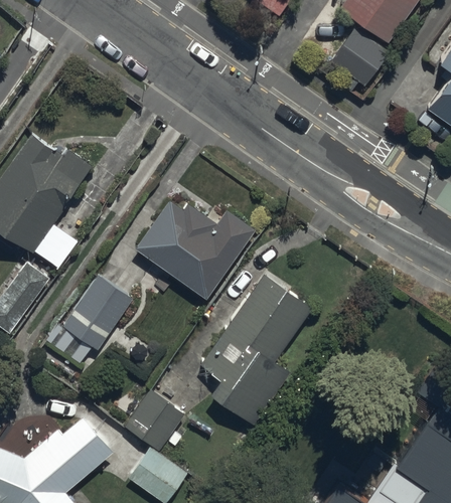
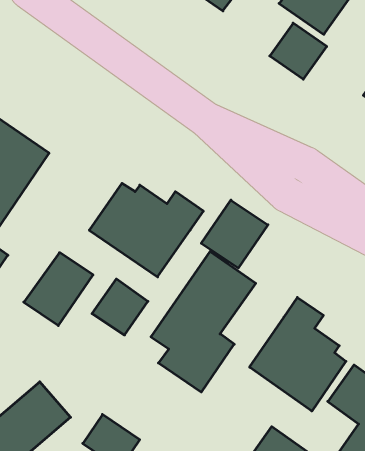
building: none -> [201,200,268,268]
building: none -> [250,297,346,411]
building: [124,390,184,451] -> [92,279,148,335]

